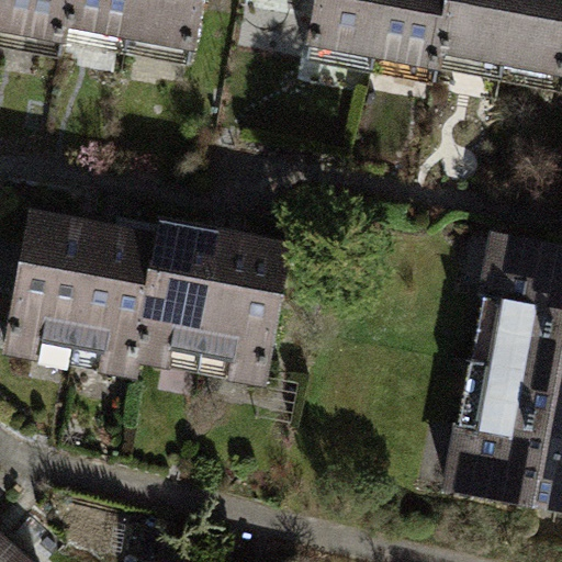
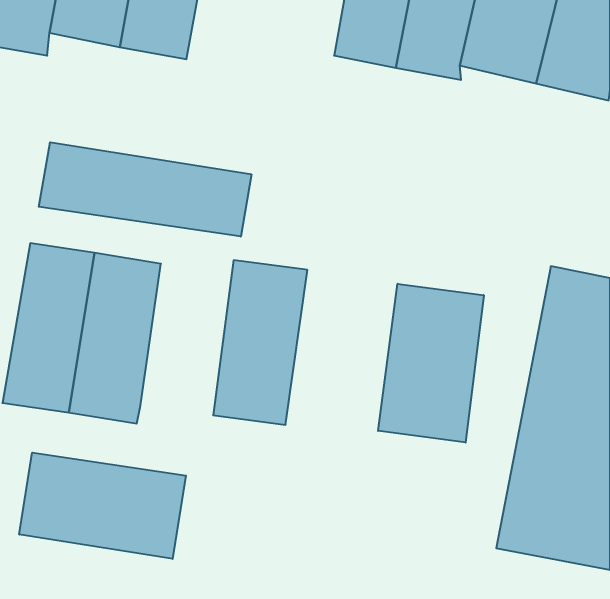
building: none -> [39,142,251,237]
building: [127,227,212,376] -> none
building: none -> [378,284,484,443]
building: none -> [19,453,186,559]

